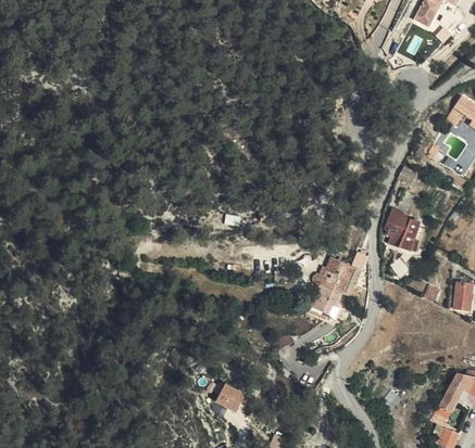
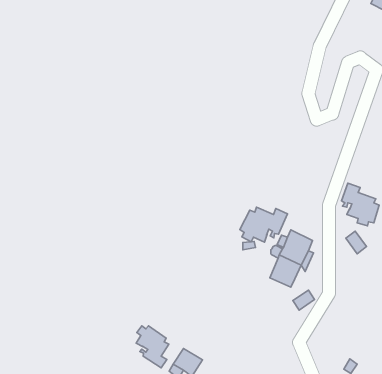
building: none -> [240,207,288,242]
building: none -> [136,326,169,368]

